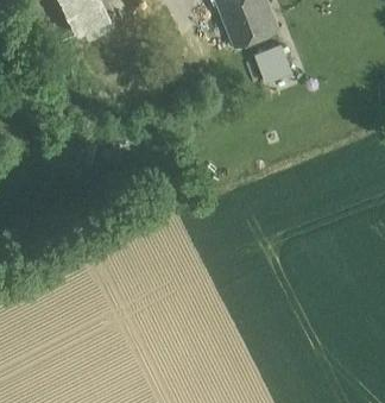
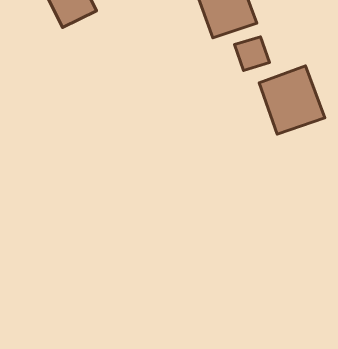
building: none -> [259,66,325,134]

